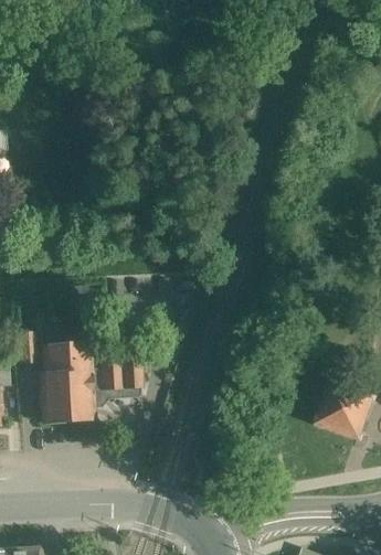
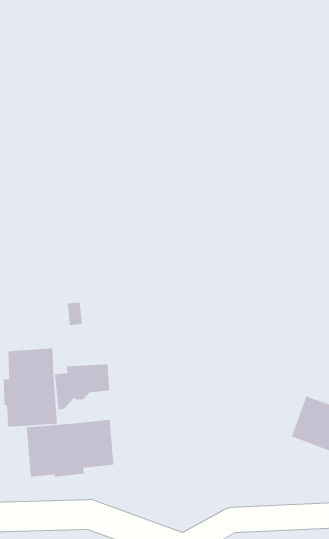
building: none -> [26,419,114,478]

